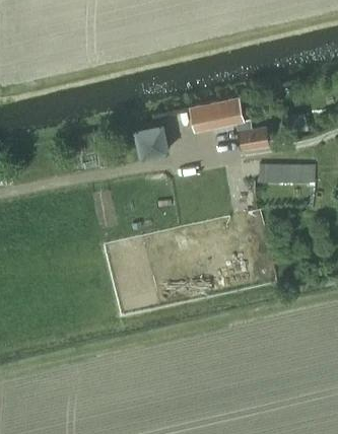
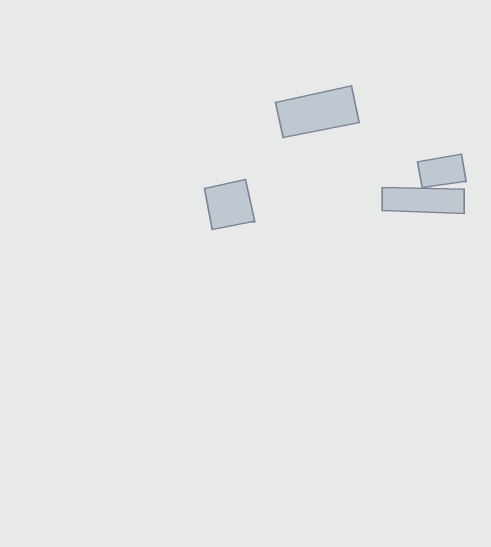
building: [135,124,168,157] -> [204,179,255,230]
building: [236,128,269,150] -> [417,154,466,188]

